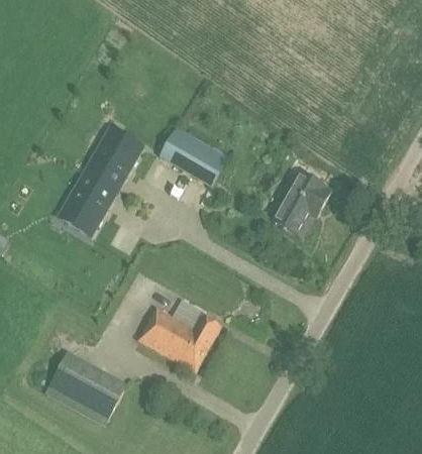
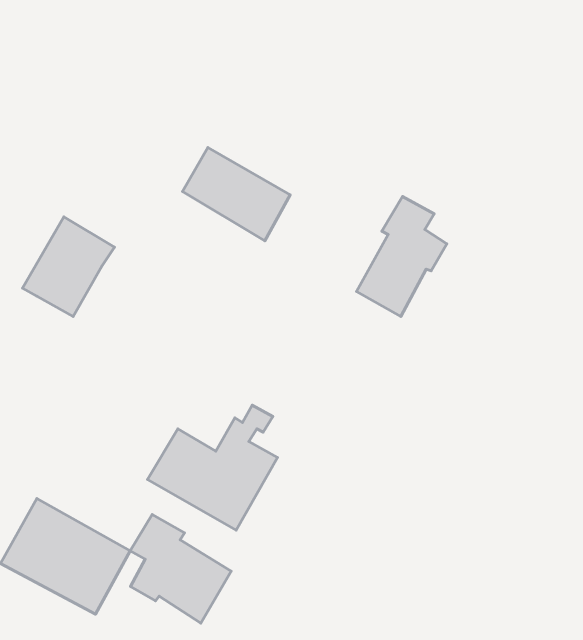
building: [85,126,143,191] -> none
building: none -> [130,514,231,623]

